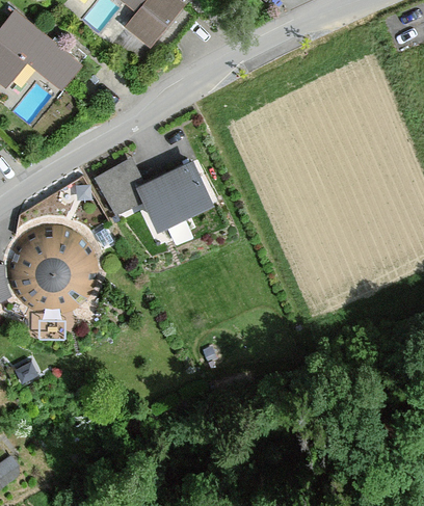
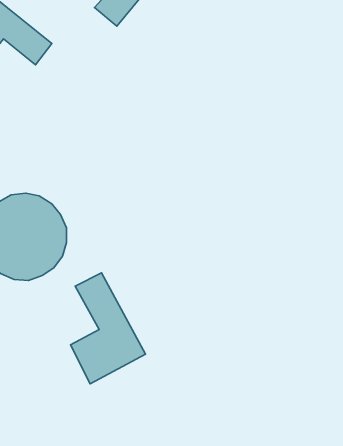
building: [95,158,215,232] -> none
building: none -> [70,273,145,384]

